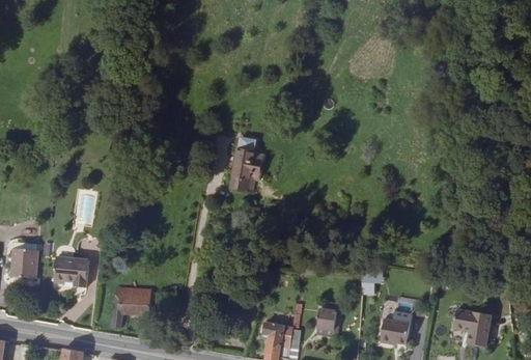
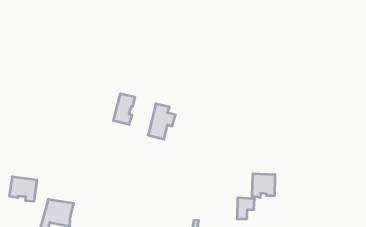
building: none -> [113,94,135,125]
building: none -> [252,174,275,198]

